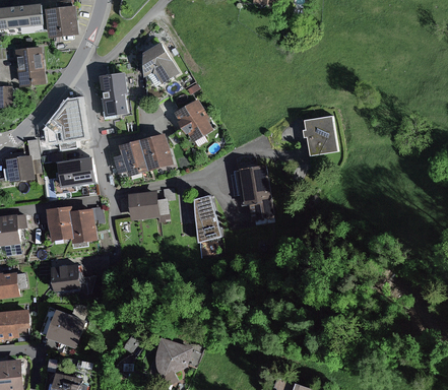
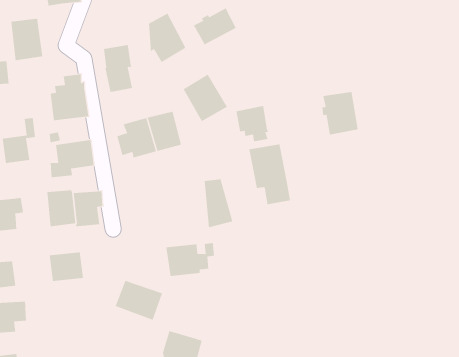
building: none -> [193,8,236,45]
building: none -> [236,105,269,142]
building: [126,189,172,220] -> [166,243,215,276]
building: [40,309,84,346] -> [115,280,163,320]

